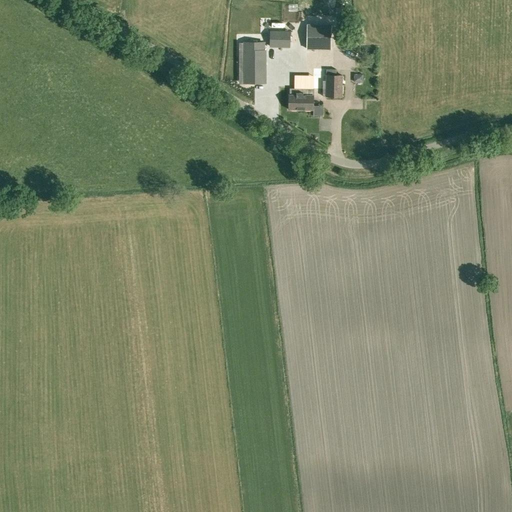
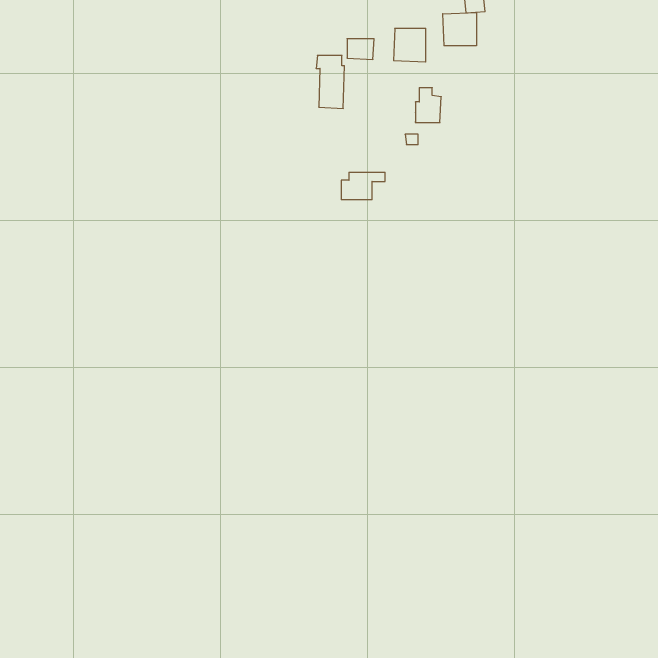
building: none -> [443,12,476,46]
building: [288,87,322,108] -> [341,172,385,200]

